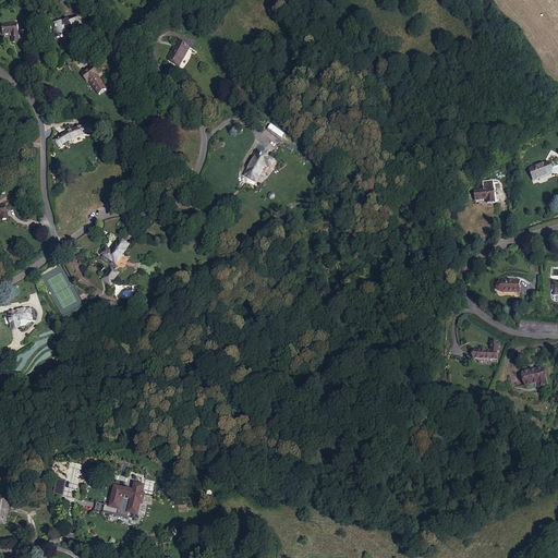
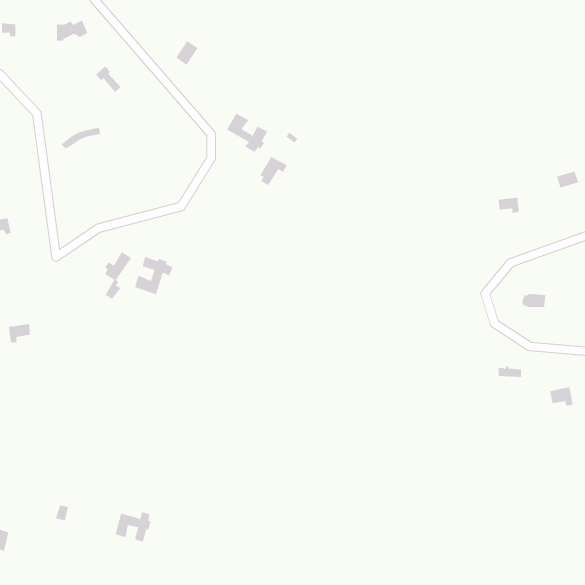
building: none -> [226,113,268,153]
building: none -> [134,256,173,295]

